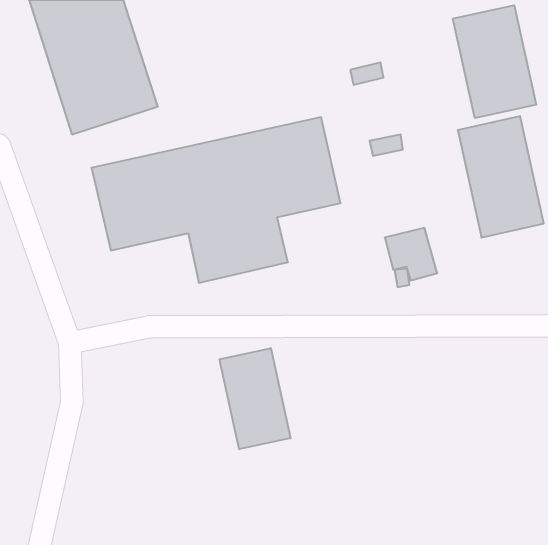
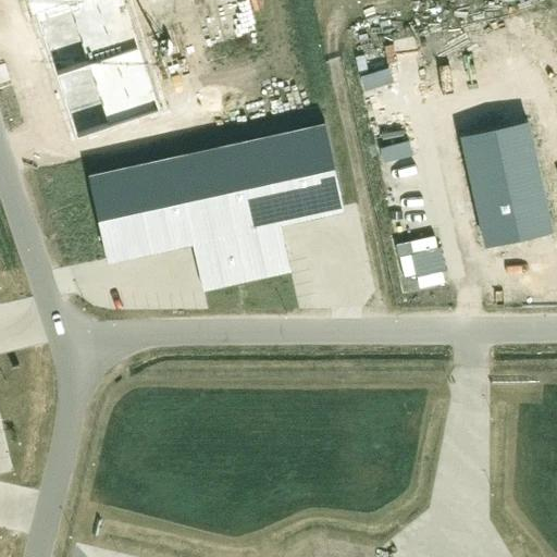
building: [453,5,536,118] -> none
building: [219,348,291,449] -> none

